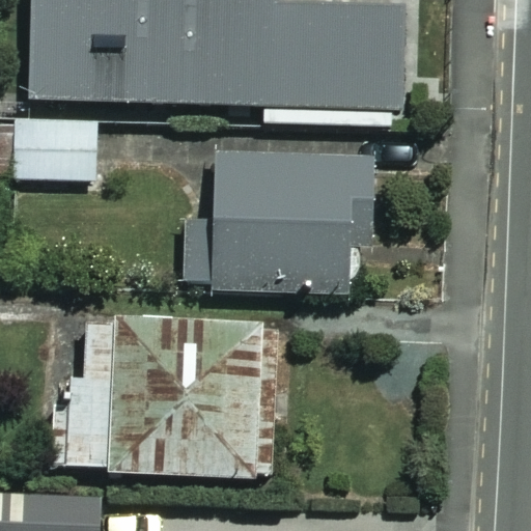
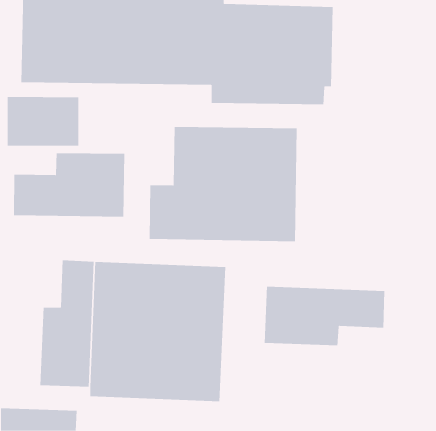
building: none -> [14,153,125,217]
building: none -> [264,286,385,346]

